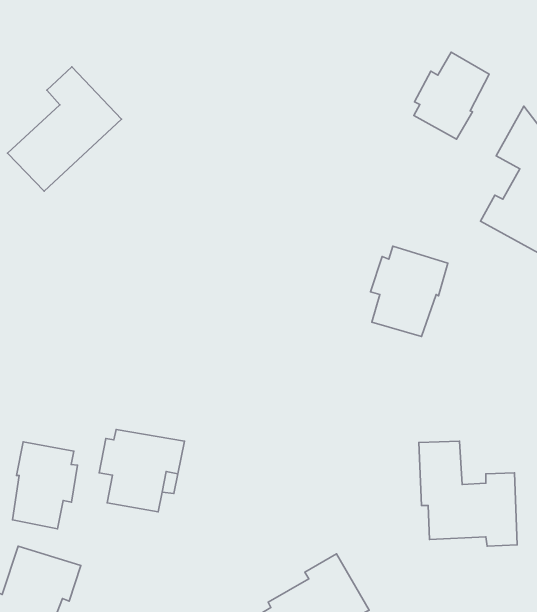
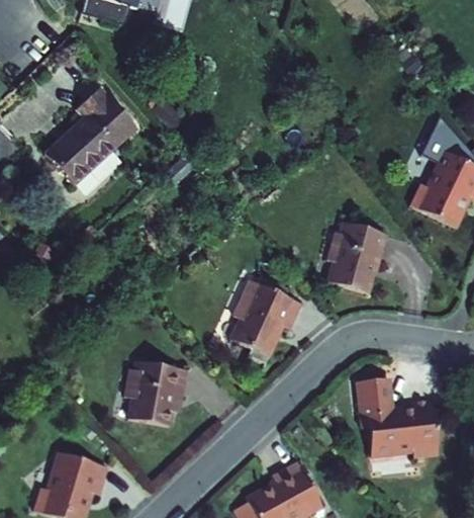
building: [414,52,489,139] -> none
building: none -> [227,282,299,367]
building: [12,442,78,529] -> none

